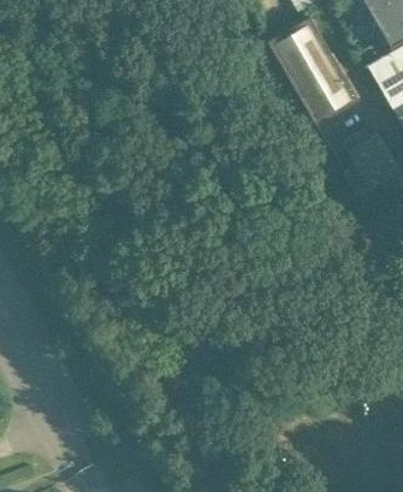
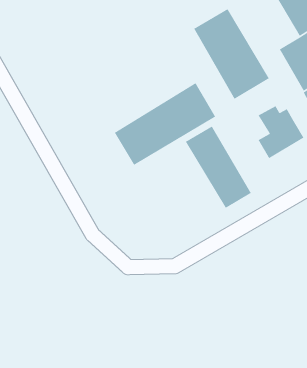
building: none -> [114,82,216,166]
building: none -> [185,125,252,209]

